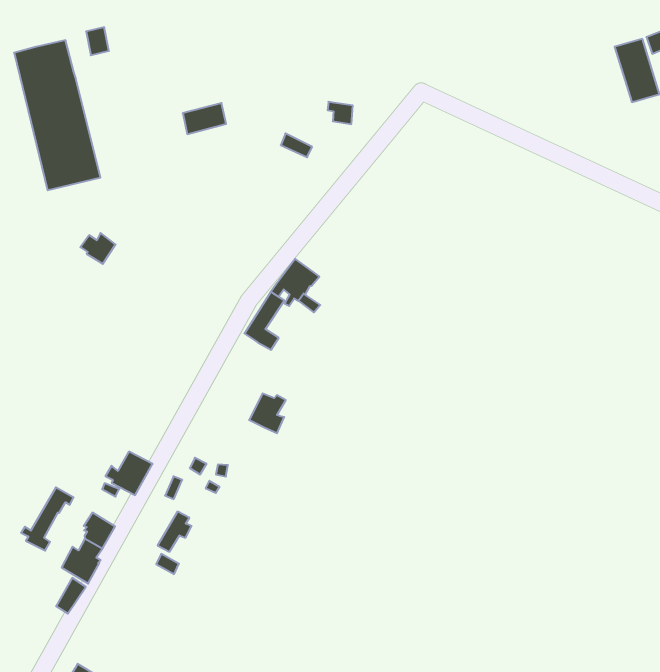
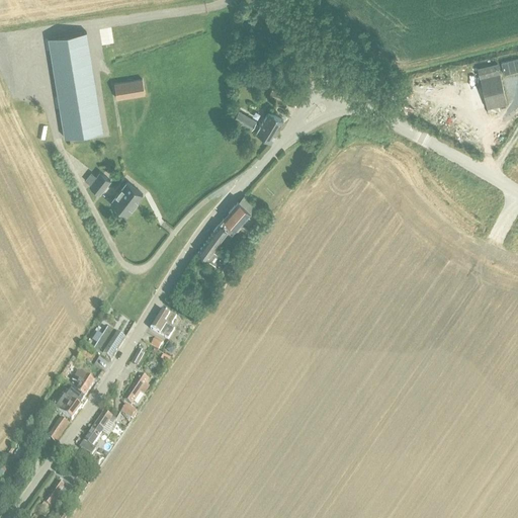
building: [183,103,226,134] -> [113,79,144,99]
building: none -> [255,111,282,142]
building: none -> [109,182,142,215]
building: [249,393,286,433] -> [149,311,176,340]
building: [21,487,74,551] -> [75,413,114,457]

